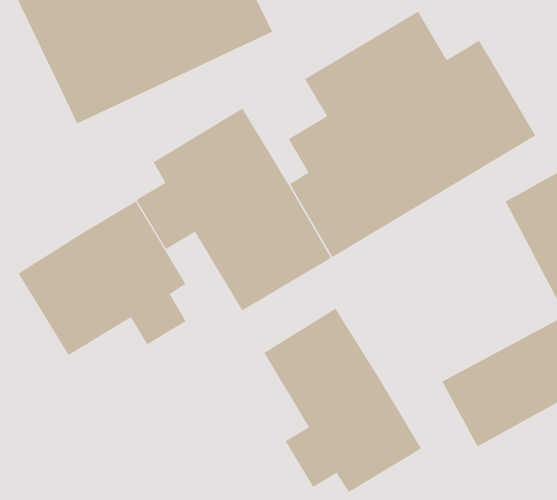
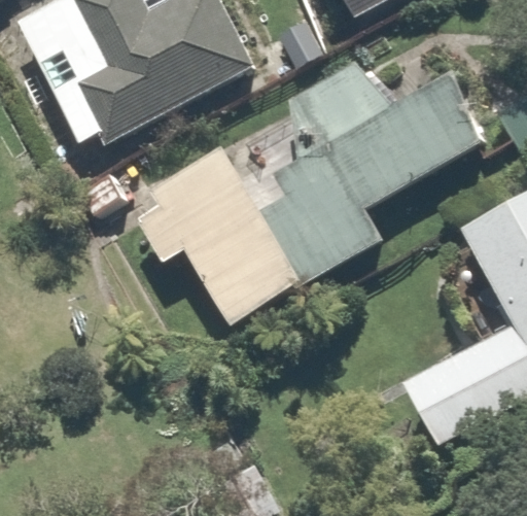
building: [18,201,187,356] -> none
building: [263,308,422,493] -> none

